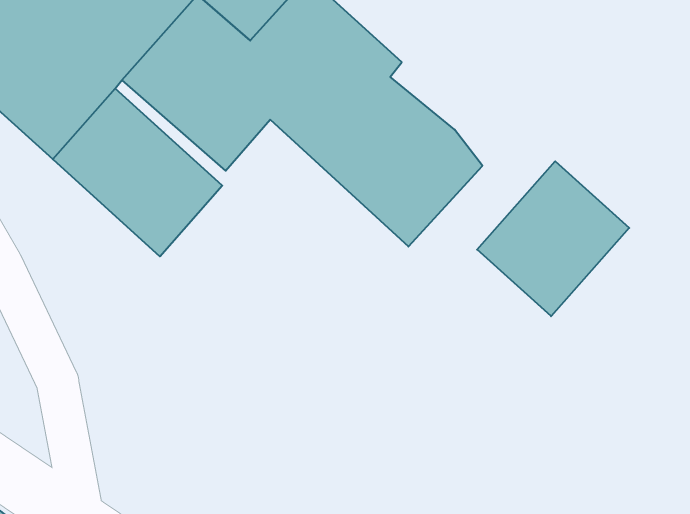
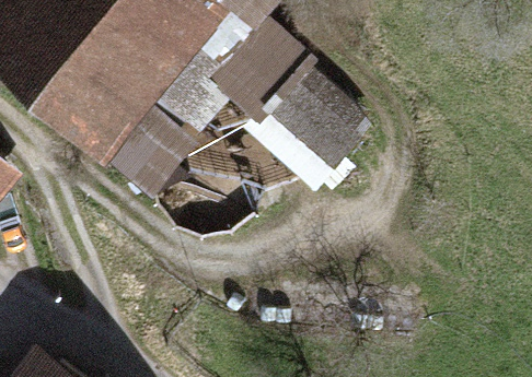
building: [477,161,629,316] -> none

